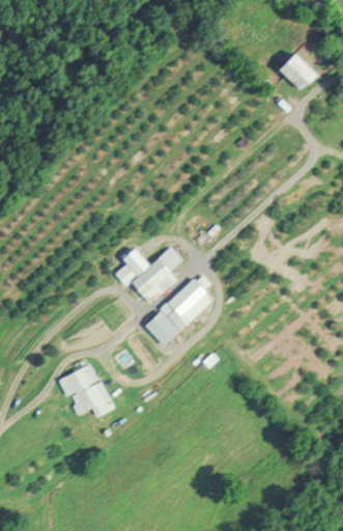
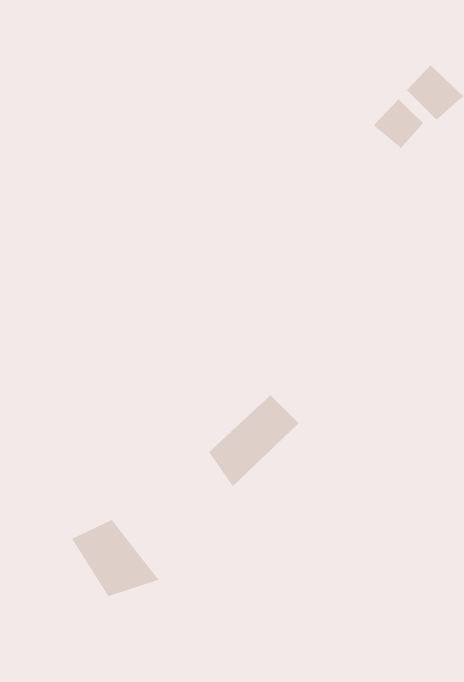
building: none -> [373,99,424,149]
building: [113,245,182,302] -> none

